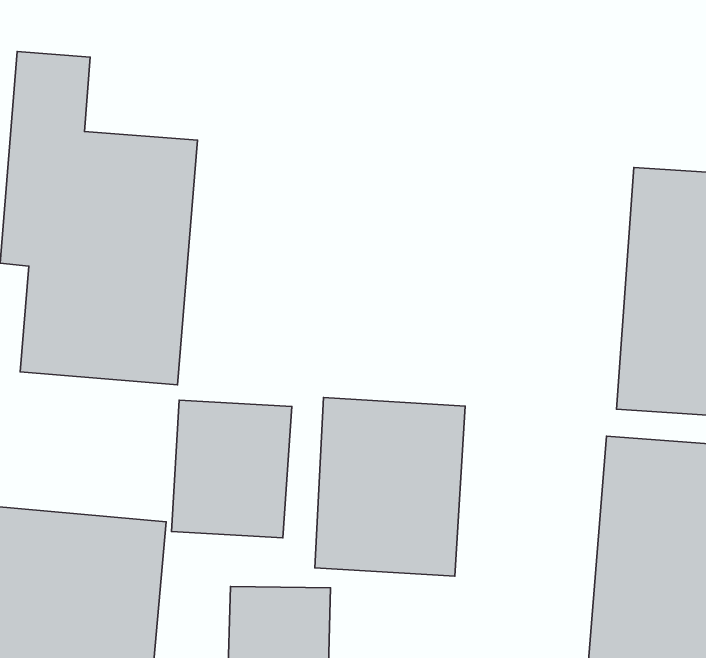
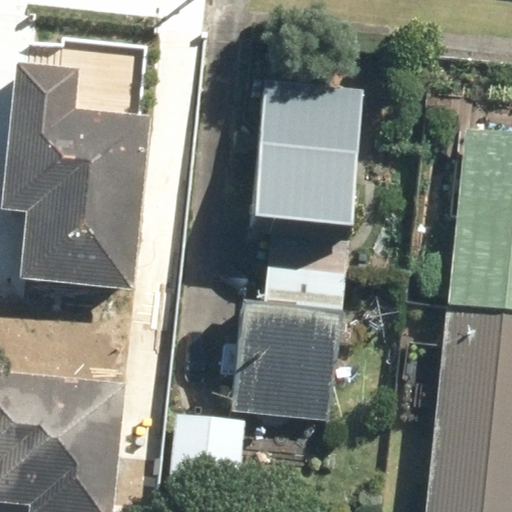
building: none -> [248,120,361,228]
building: [172,400,292,538] -> none

